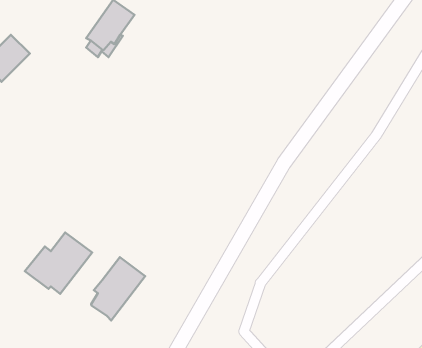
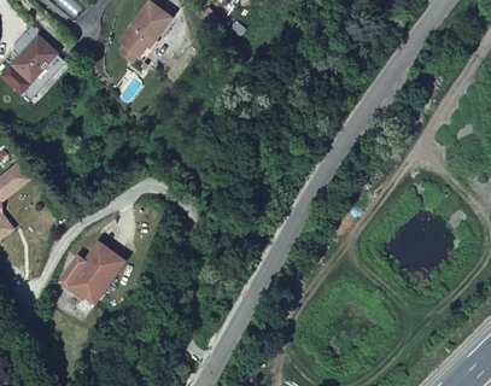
building: [91,257,145,320] -> none

